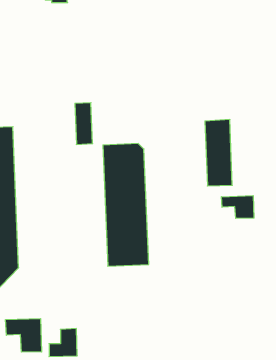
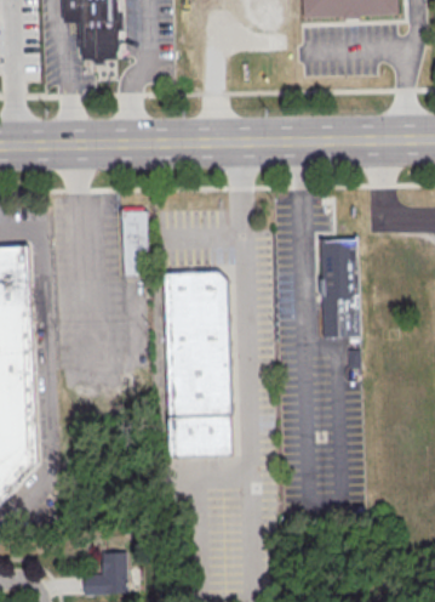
building: [221,196,254,218] -> none
building: [6,319,42,352] -> none

